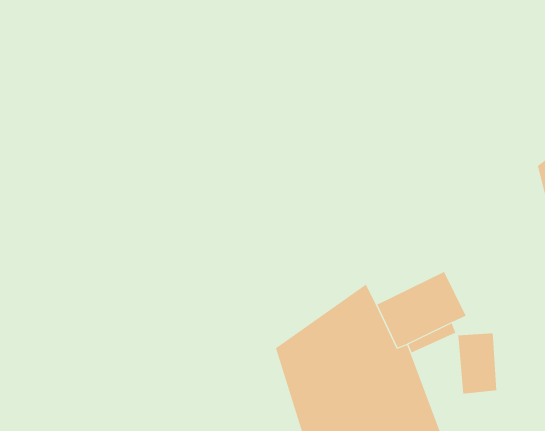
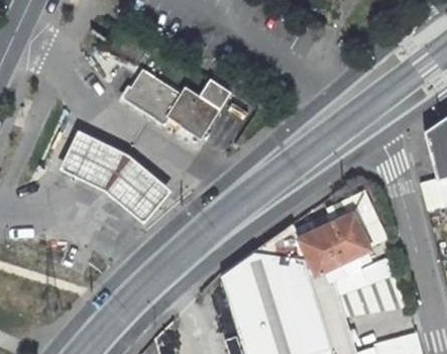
building: none -> [124,69,220,140]
building: none -> [53,125,167,221]

